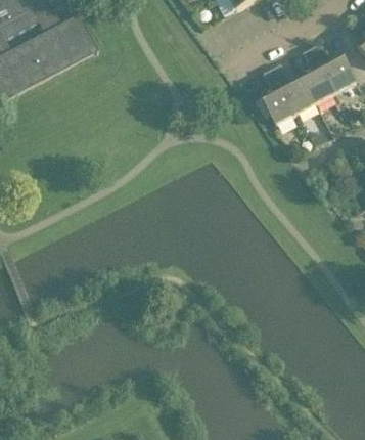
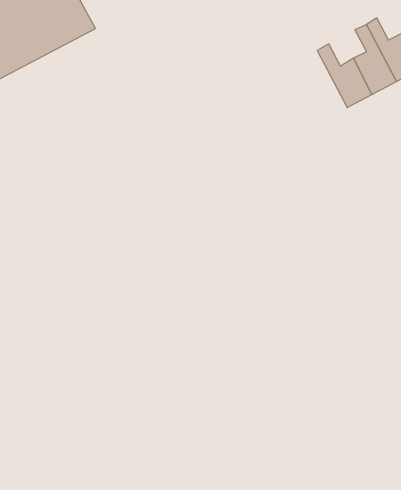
building: [261,68,295,123] -> none

